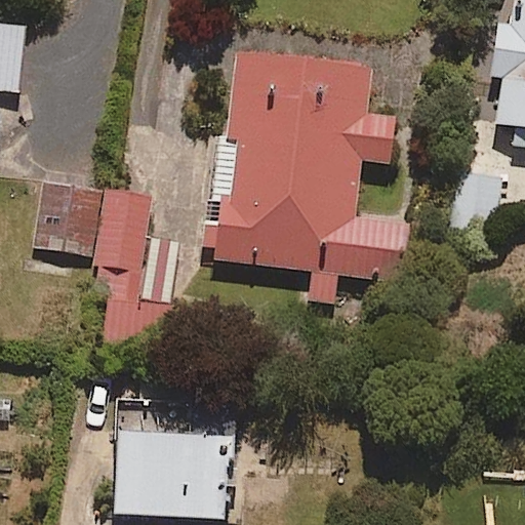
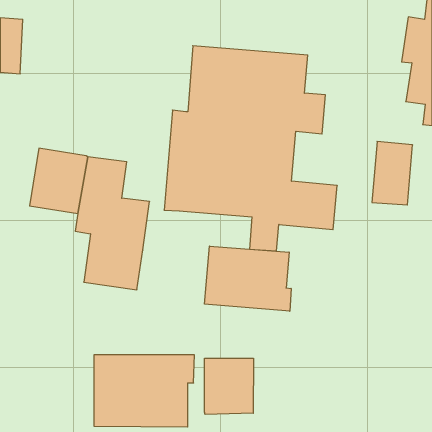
building: none -> [205,246,291,311]
building: none -> [205,358,253,414]

